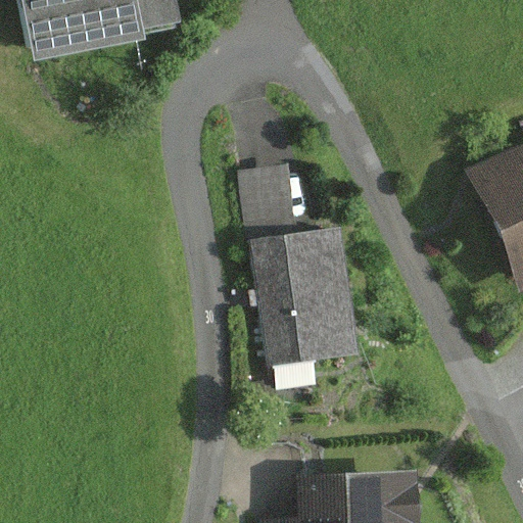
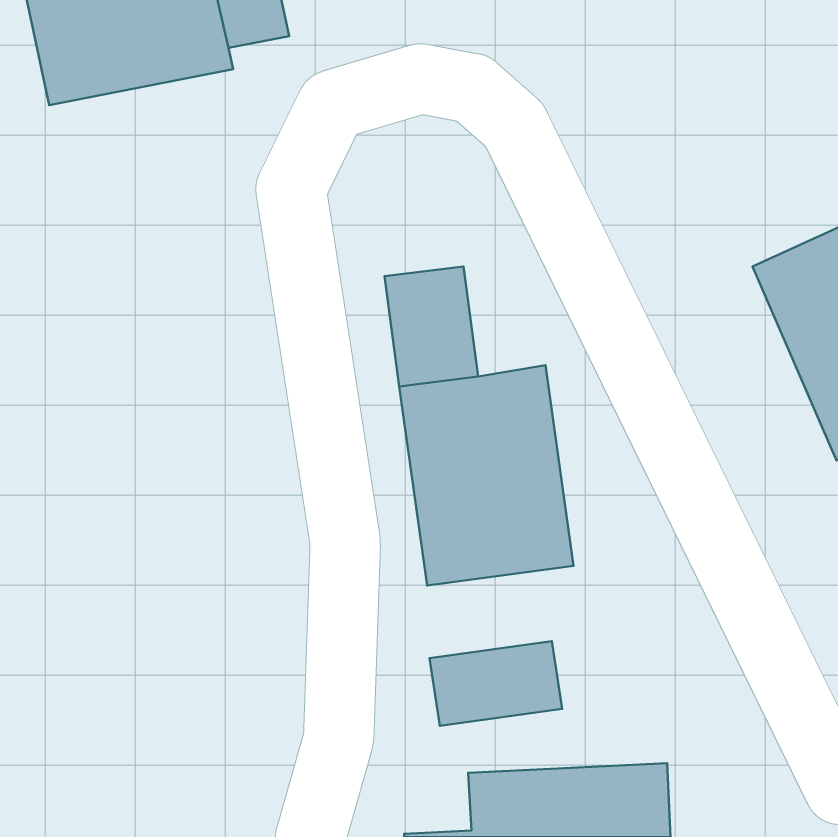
building: none -> [430,641,562,726]

